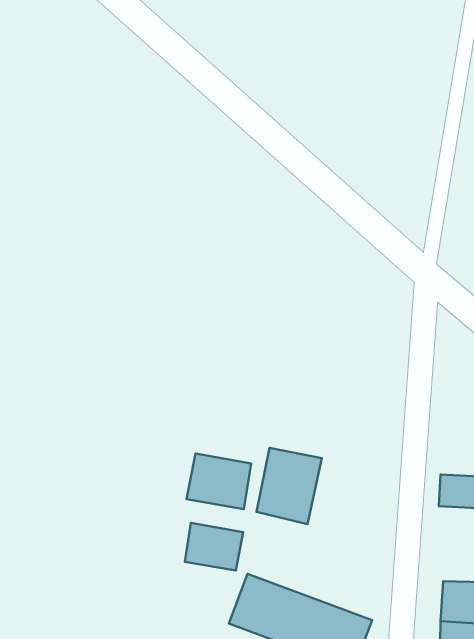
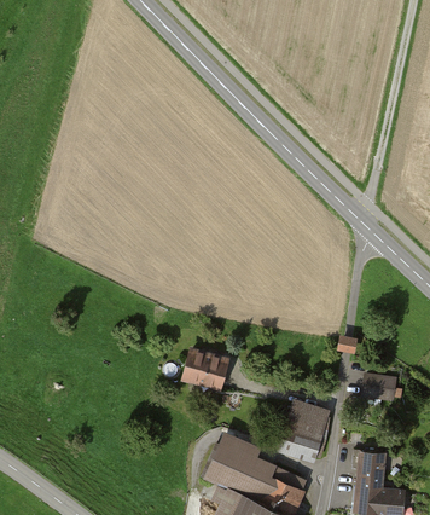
building: [257,448,322,524] -> [281,401,331,458]
building: [185,523,243,570] -> none

